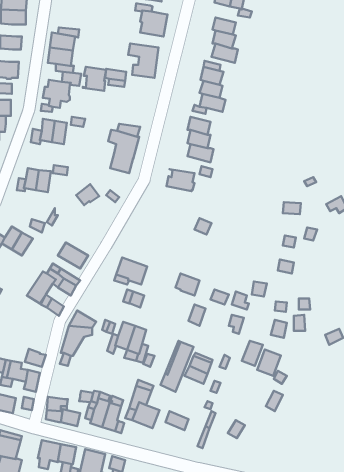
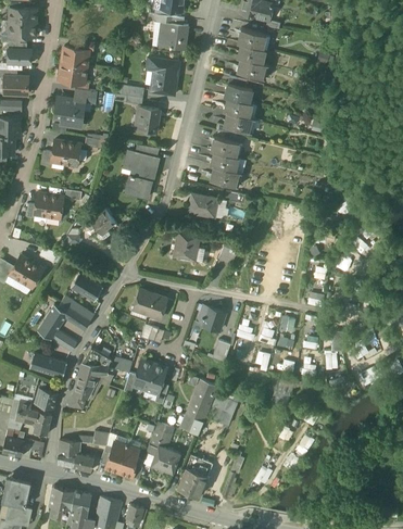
building: [83,67,106,91] -> [134,106,159,133]
building: none -> [173,230,200,260]
building: none -> [29,353,67,378]
building: [257,349,281,376] -> none
building: none -> [178,467,207,496]

